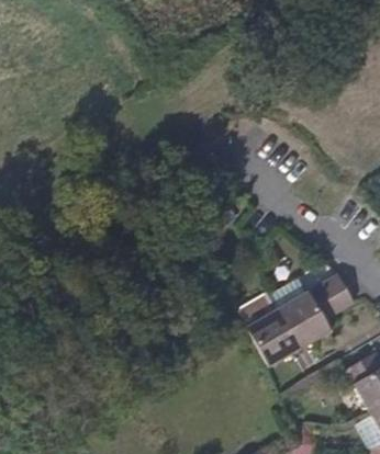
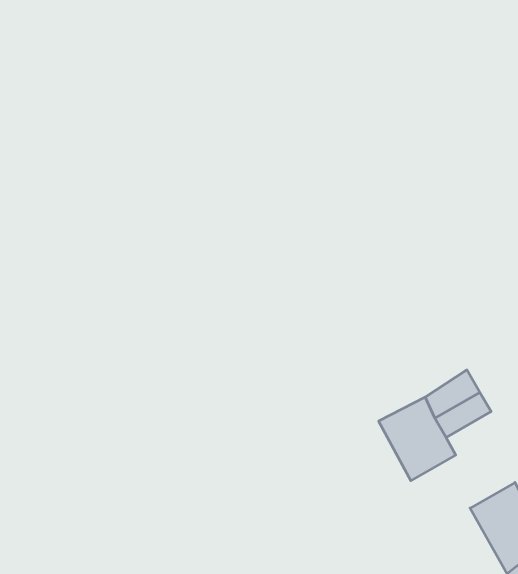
building: [248,307,303,368] -> none

